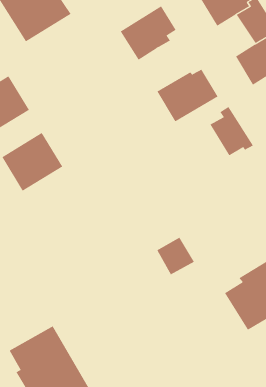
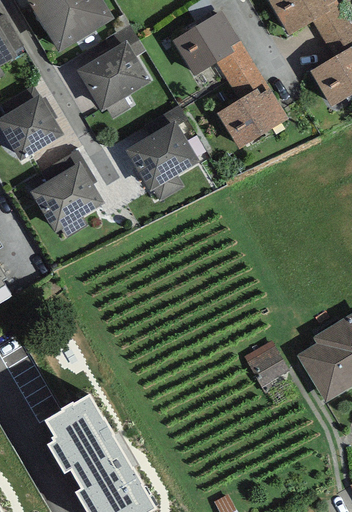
building: none -> [76,40,151,111]
building: none -> [125,119,200,191]
building: [210,106,254,156] -> [217,38,270,98]
building: [156,237,195,275] -> [244,337,290,383]

